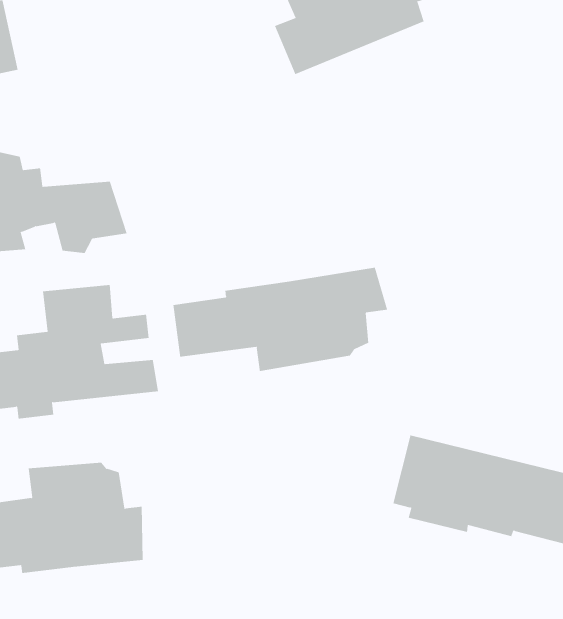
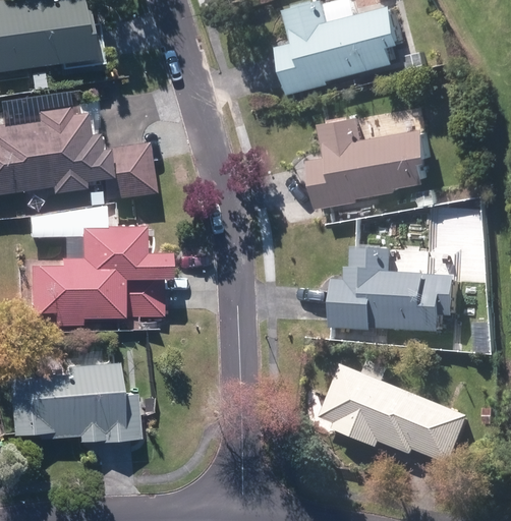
building: none -> [308,111,423,208]
building: [173,267,388,372] -> none
building: none -> [334,255,457,332]

